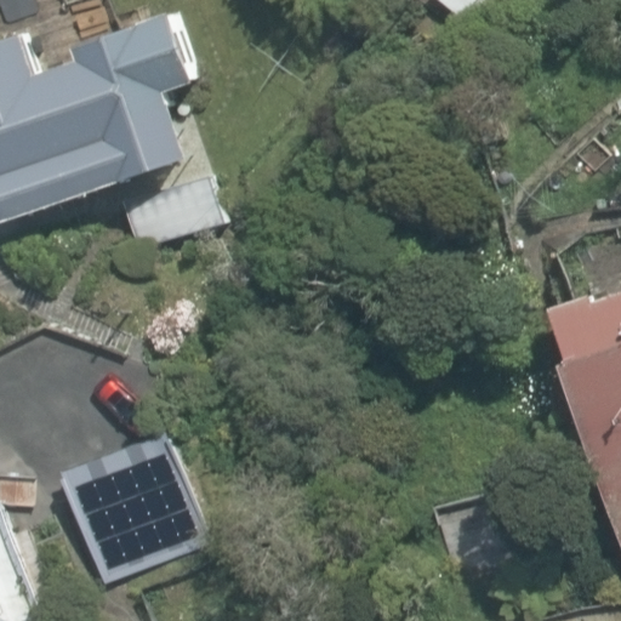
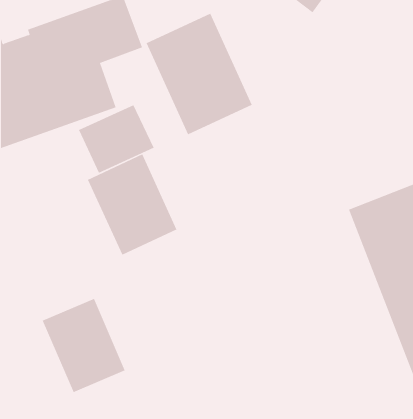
building: none -> [146,13,252,135]
building: none -> [87,154,177,256]

